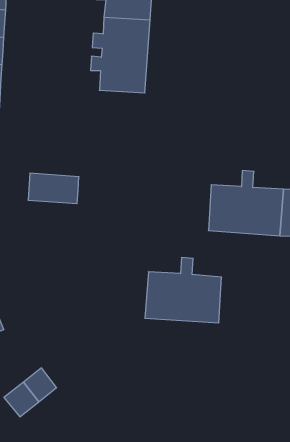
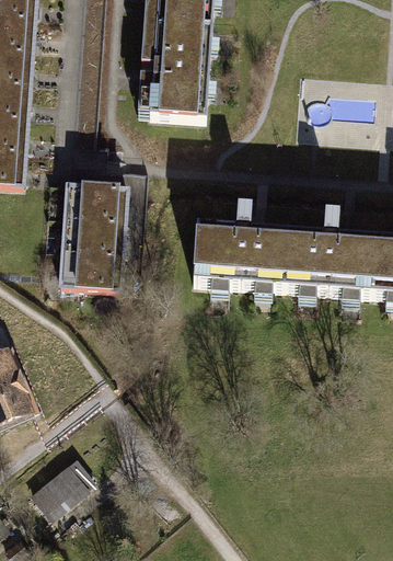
building: none -> [65,182,128,220]
building: none -> [60,249,123,287]
building: [145,258,222,323] -> [193,206,287,286]

